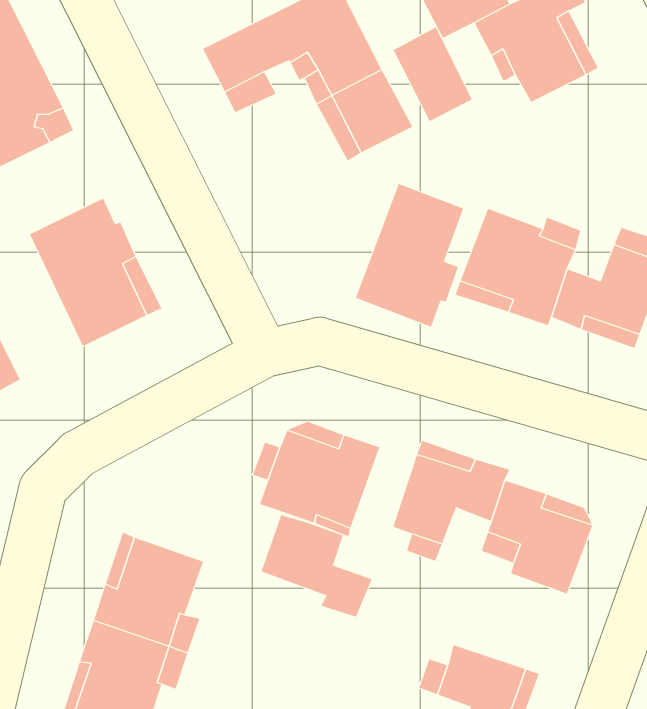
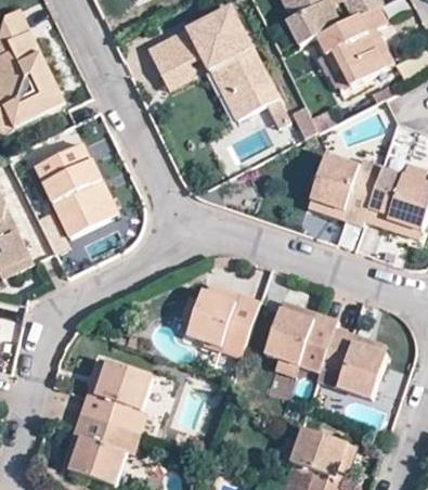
building: [393,26,473,122] -> none
building: [355,183,464,328] -> none
building: [261,514,373,618] -> none

